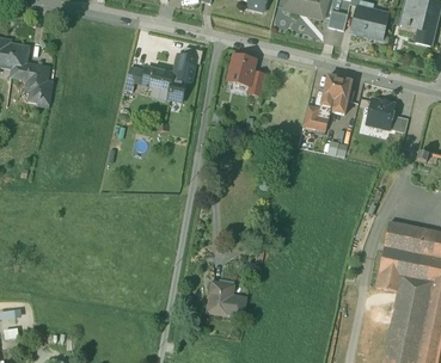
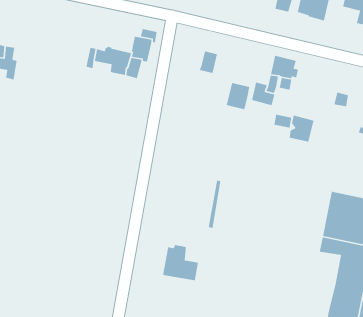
building: [228,55,255,85] -> [226,82,250,110]
building: [367,98,394,128] -> [289,115,314,142]

